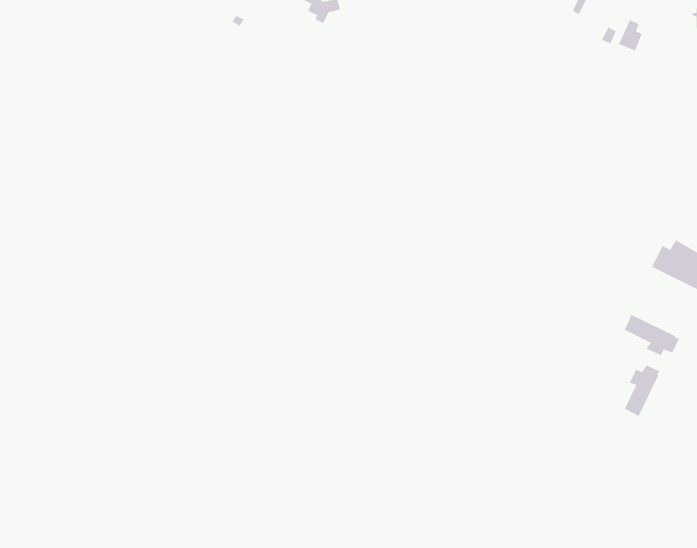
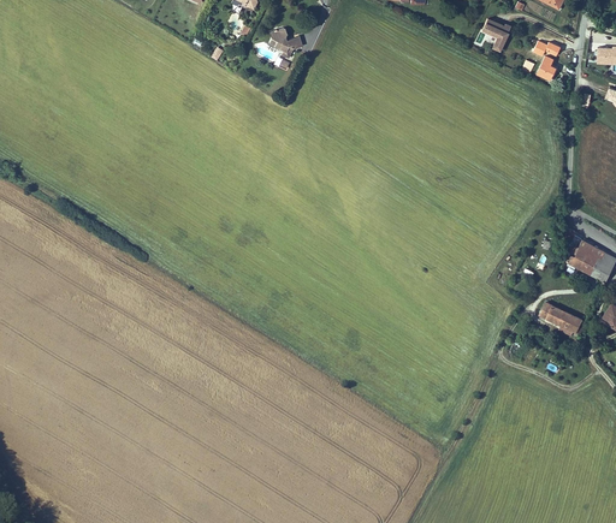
building: [624,365,660,417] -> none

